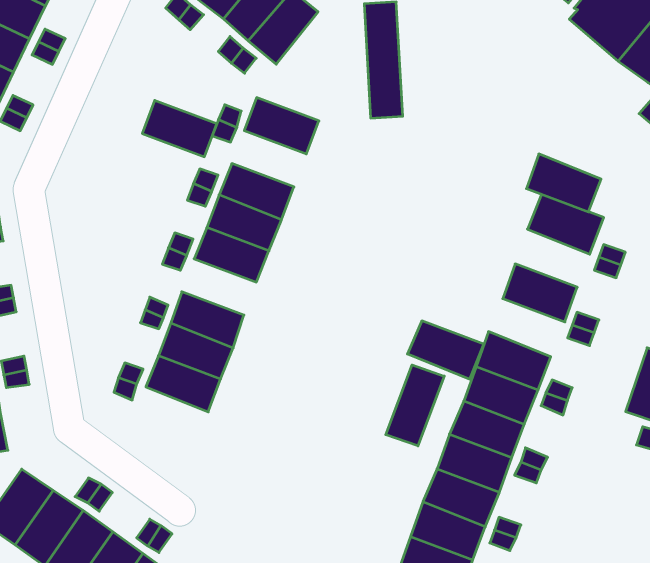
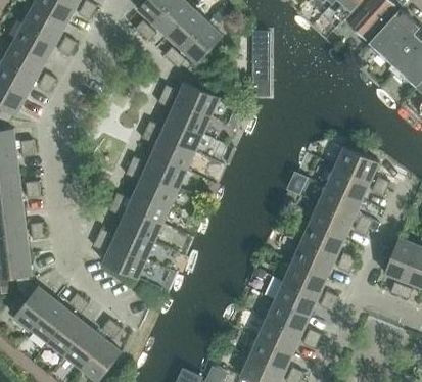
building: [142,100,217,157] -> [168,100,210,134]
building: [526,154,601,212] -> [326,165,369,200]
building: none -> [135,172,178,205]
building: [407,321,484,379] -> [309,204,353,239]
building: [386,365,444,446] -> none
building: none -> [103,243,146,278]

